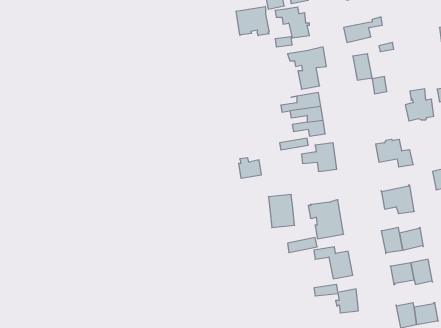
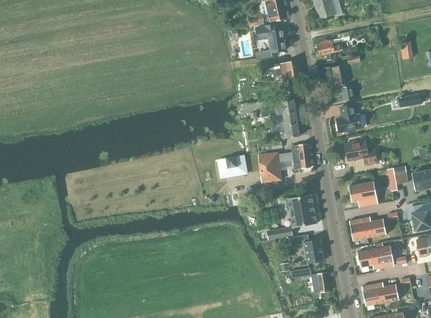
building: [236,6,269,36] -> none
building: [405,89,434,121] -> [336,105,361,133]
building: [268,194,295,228] -> [259,153,282,182]

